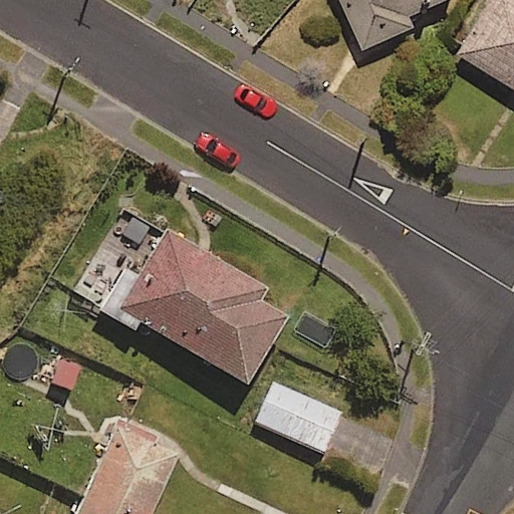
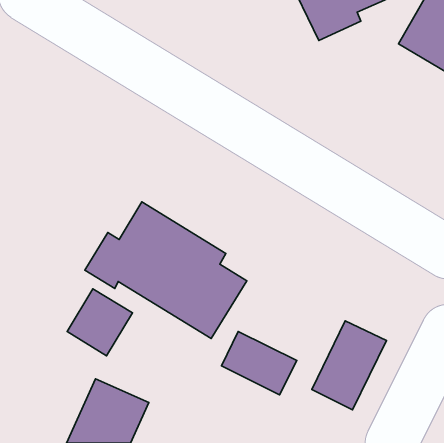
building: none -> [67,289,133,356]
building: none -> [312,321,387,410]

